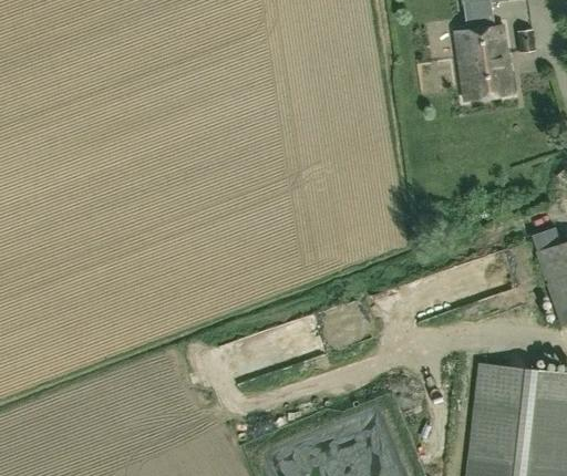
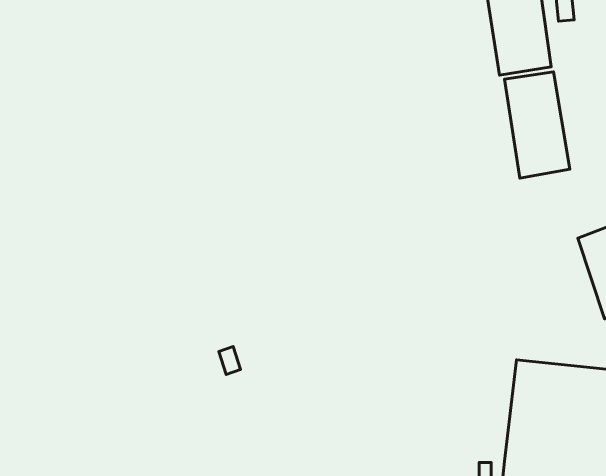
building: none -> [504,72,570,178]

